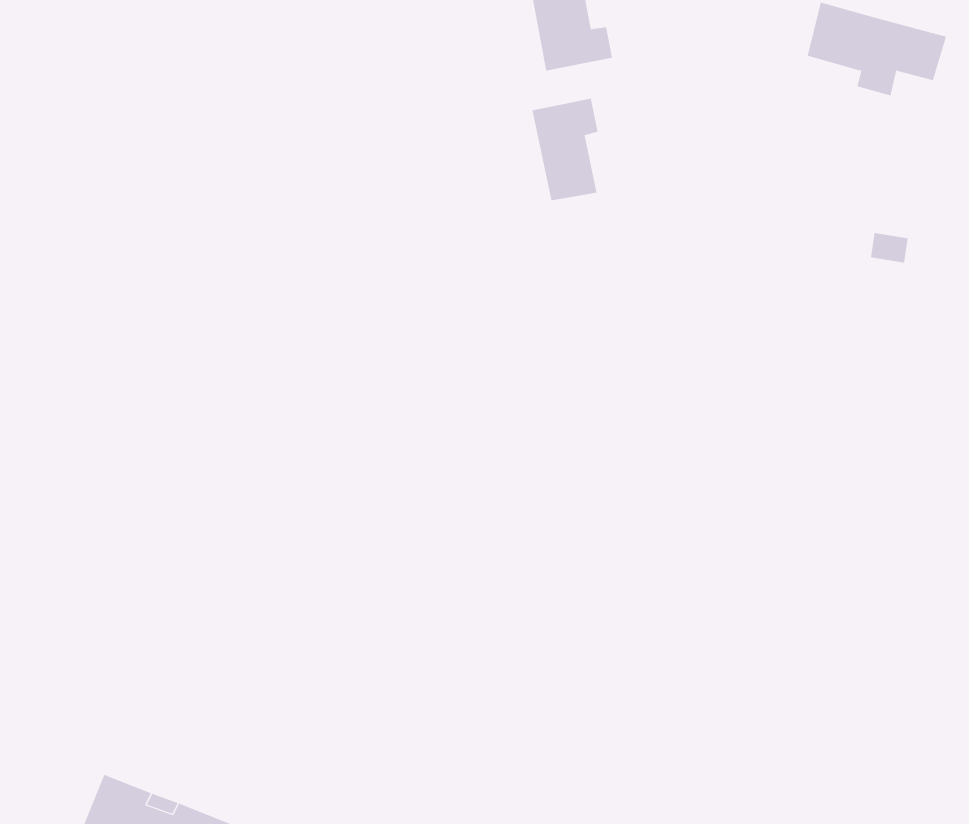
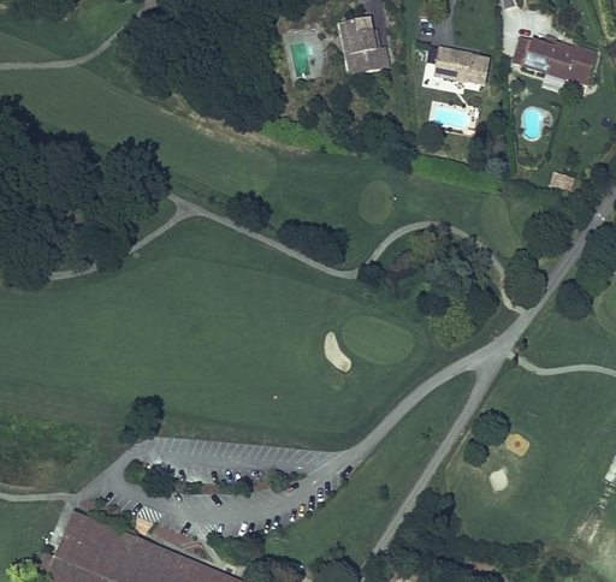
building: none -> [434,47,491,87]
building: [532,98,598,201] -> none

